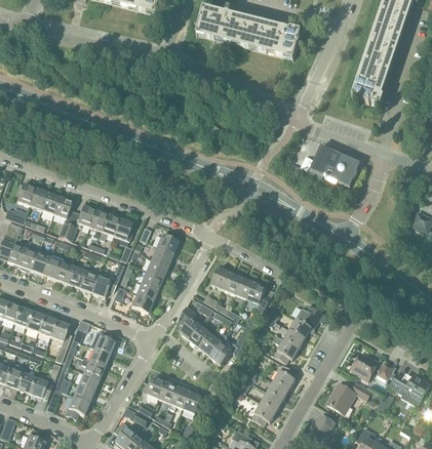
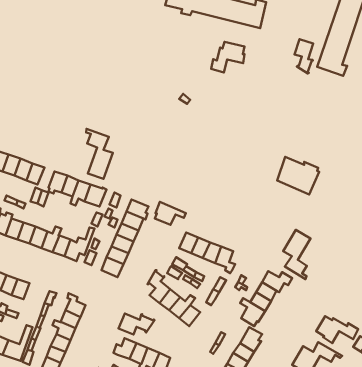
building: none -> [295,39,313,74]
building: none -> [211,42,245,72]
building: [318,148,361,187] -> [277,157,319,195]
building: none -> [86,129,113,179]
building: none -> [155,202,186,225]
building: none -> [283,230,311,279]
building: [51,319,73,361] -> none
building: none -> [119,314,154,335]

